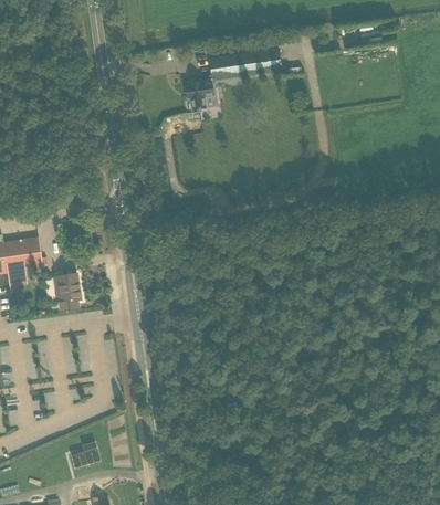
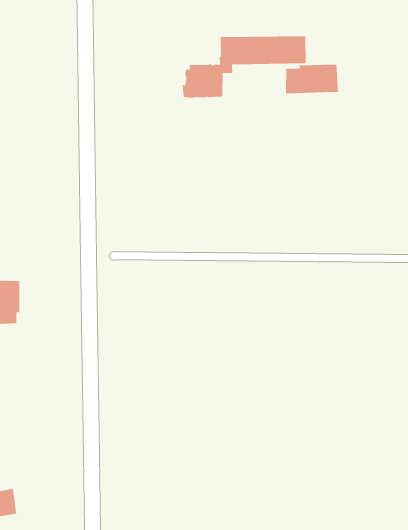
building: none -> [285,64,339,94]

